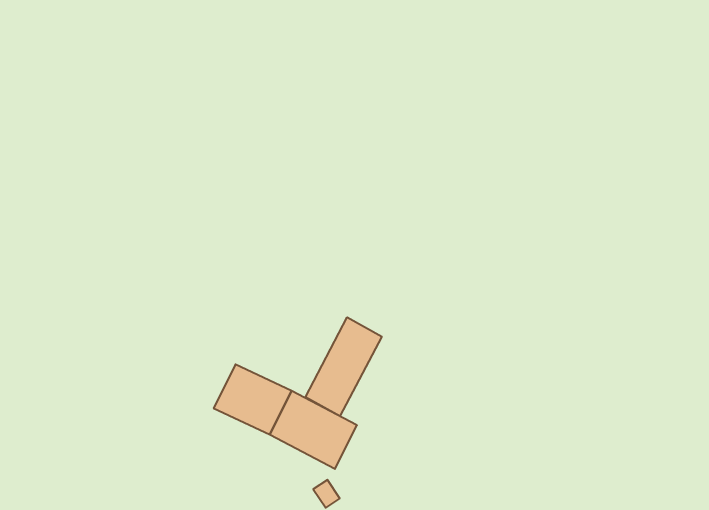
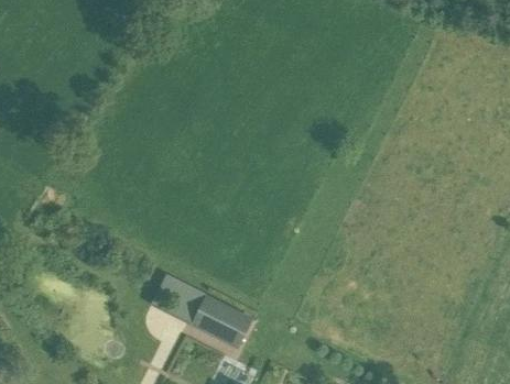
building: [305,317,382,416] -> none

